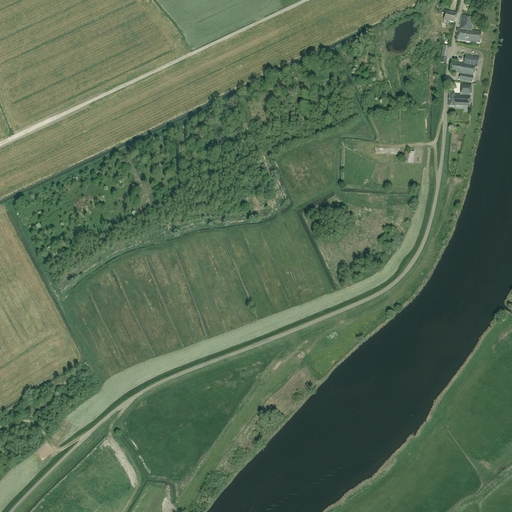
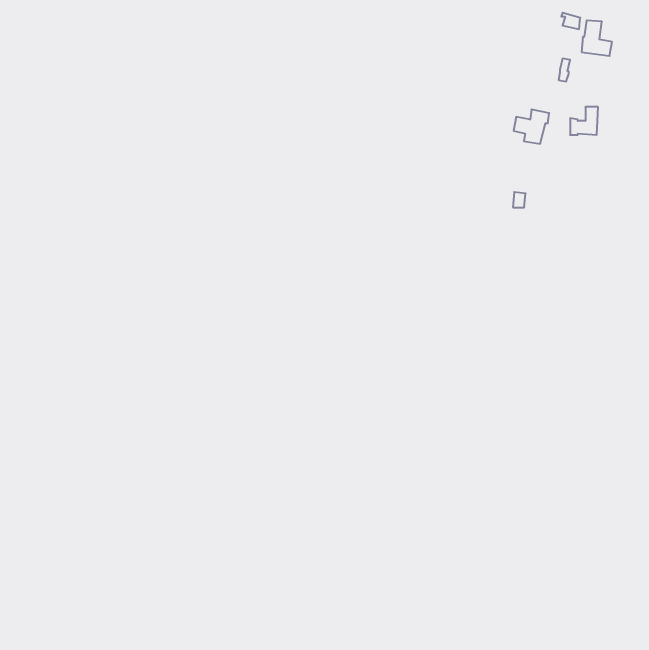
building: [450,55,478,82] -> [514,109,549,144]

